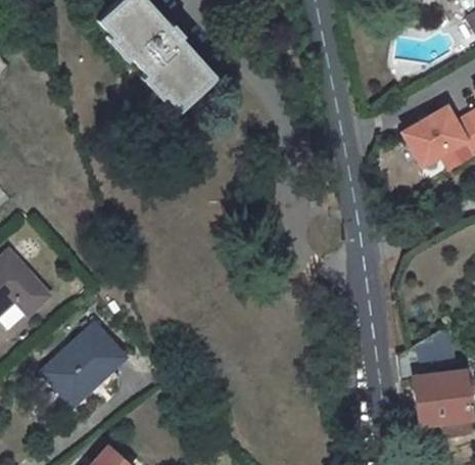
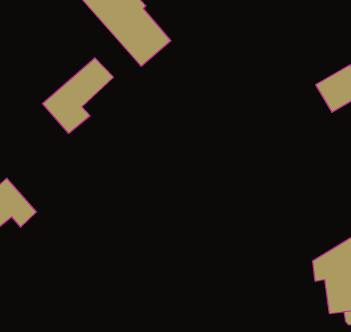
building: none -> [43,58,113,133]
building: [42,323,124,404] -> none

